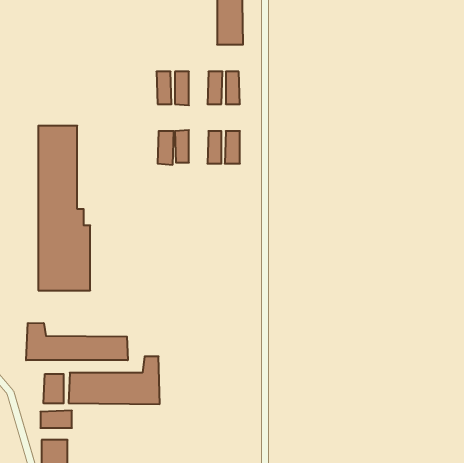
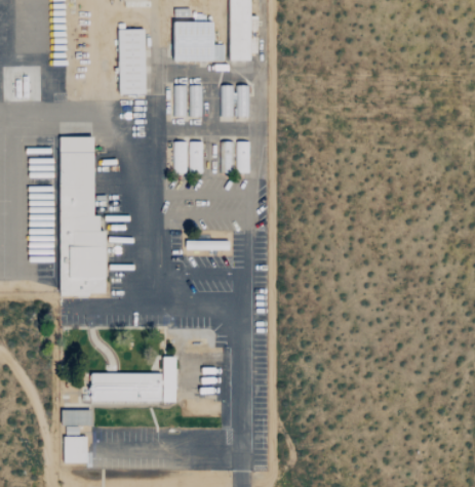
building: none -> [173,24,226,63]
building: none -> [120,31,148,95]
building: [26,323,128,360] -> none
building: [44,374,64,403] -> none

